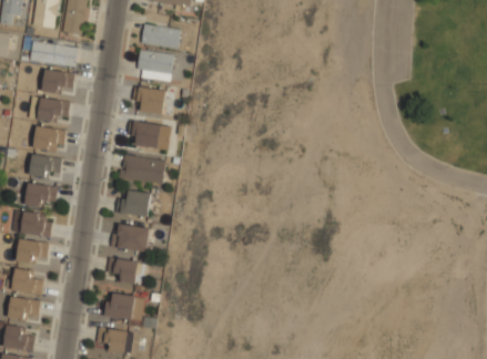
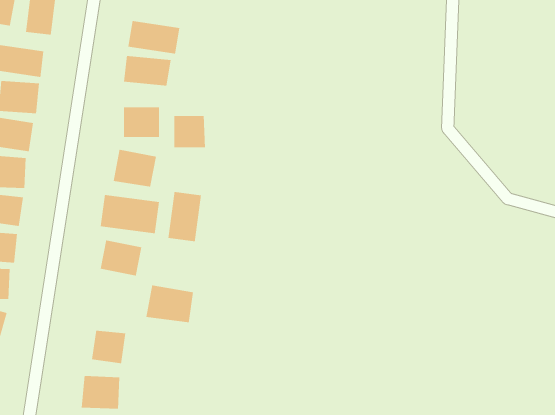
building: none -> [174,115,206,148]
building: none -> [168,191,201,242]
building: [113,223,150,252] -> [146,285,194,323]

